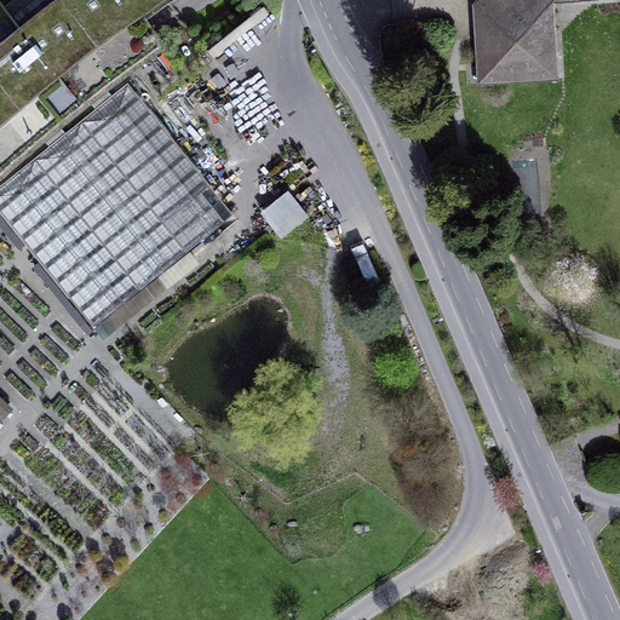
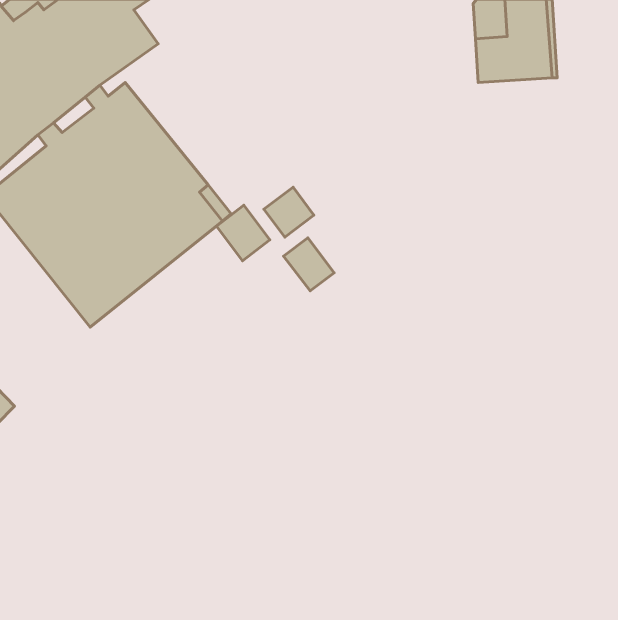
building: none -> [216,205,270,261]
building: none -> [284,238,334,291]

